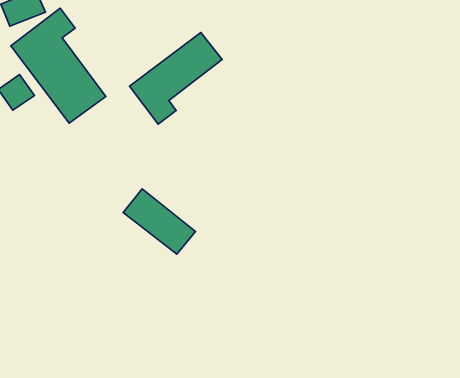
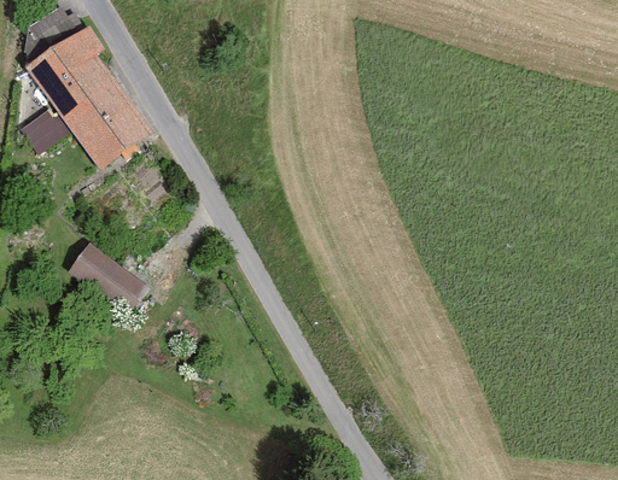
building: [130,32,222,124] -> none
building: [123,189,196,254] -> [66,242,154,322]

